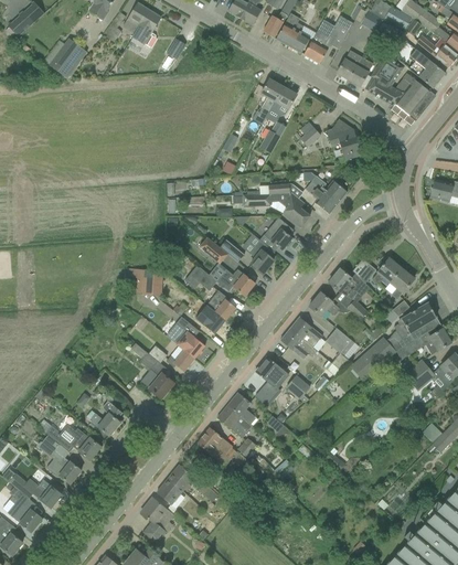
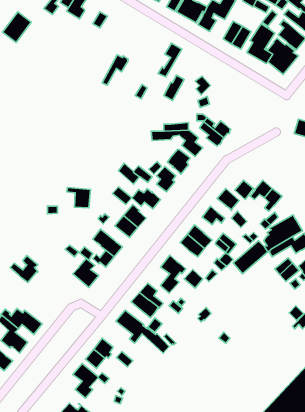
building: [263,87,297,127] -> [102,55,128,85]
building: [326,119,361,160] -> none
building: [86,401,123,436] -> [10,256,38,283]

